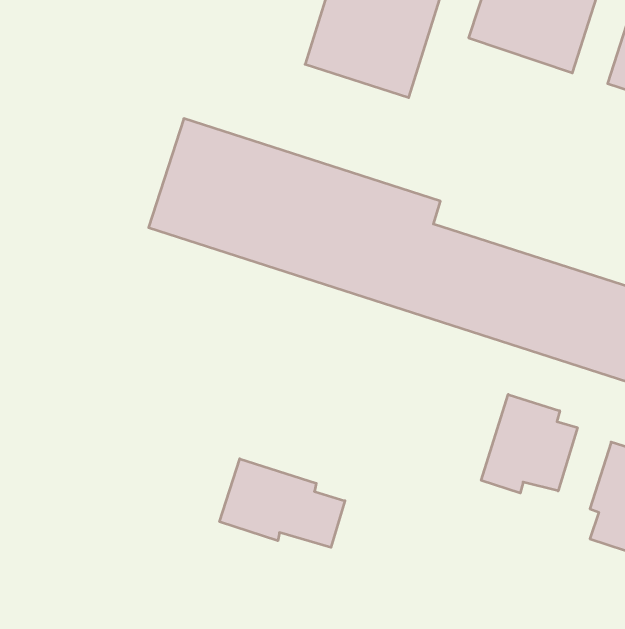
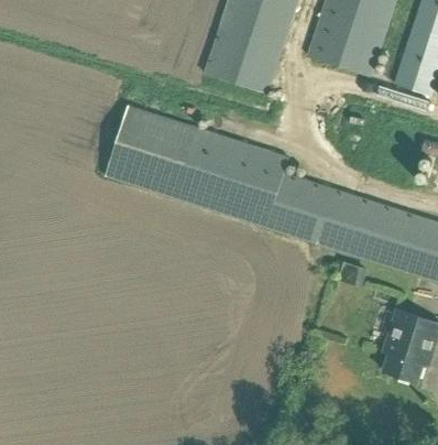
building: [481,394,577,493] -> none
building: [220,459,345,547] -> none

